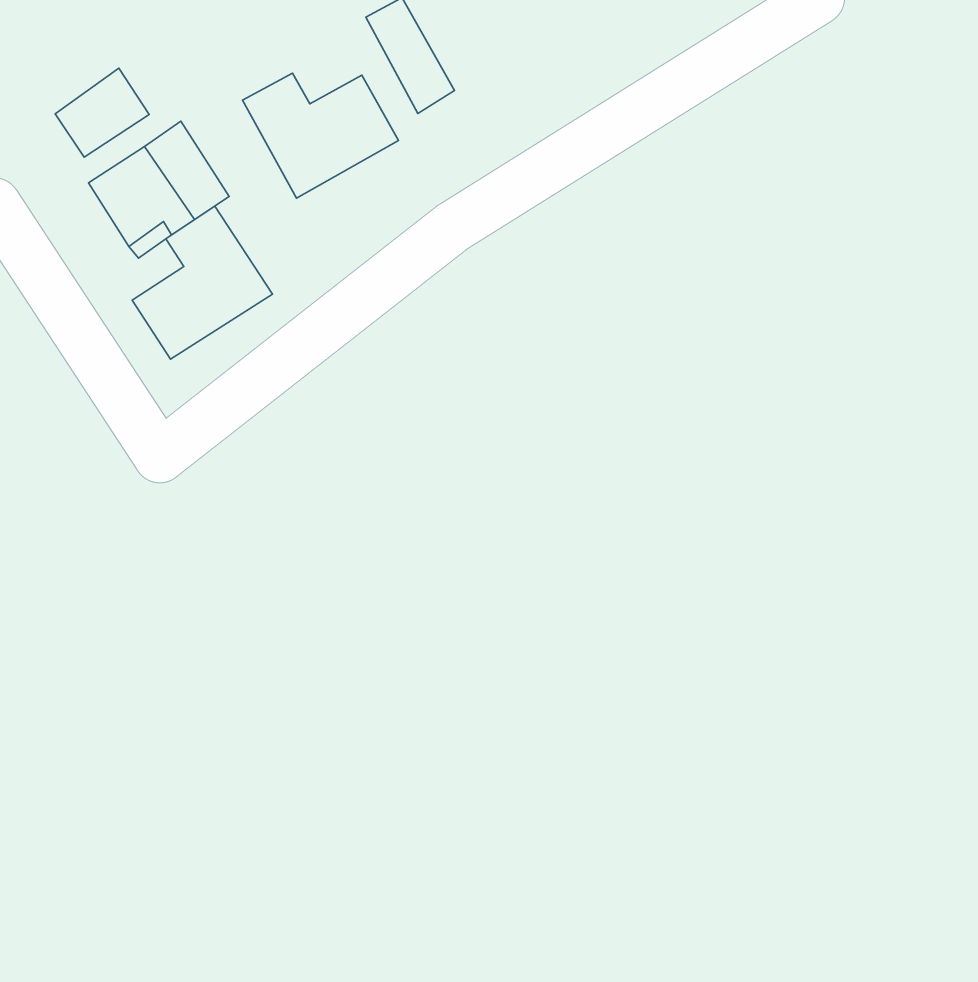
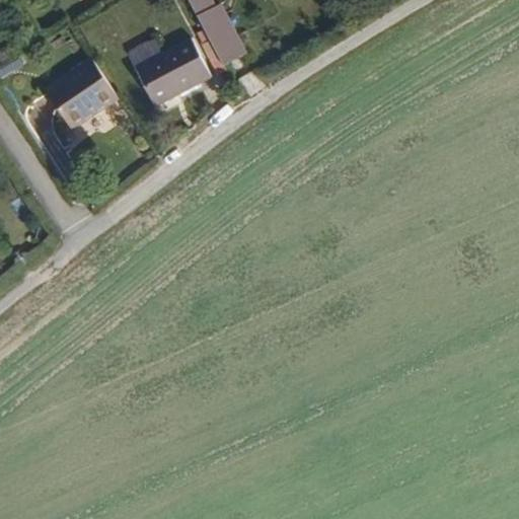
building: [55,68,149,157] -> none
building: [132,206,272,359] -> none

